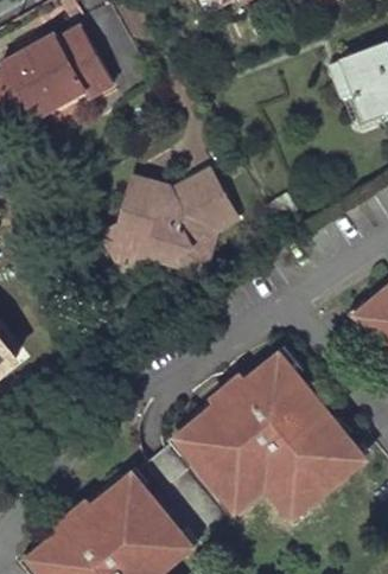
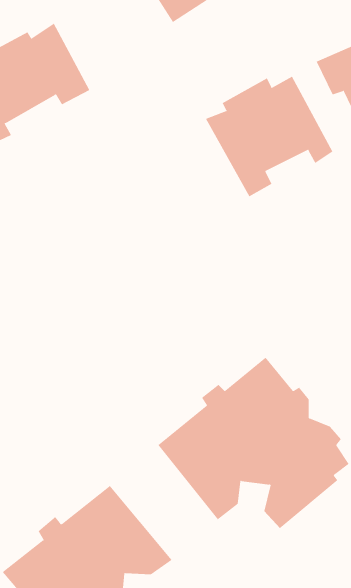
building: none -> [205,76,333,197]
building: [106,178,242,289] -> none

